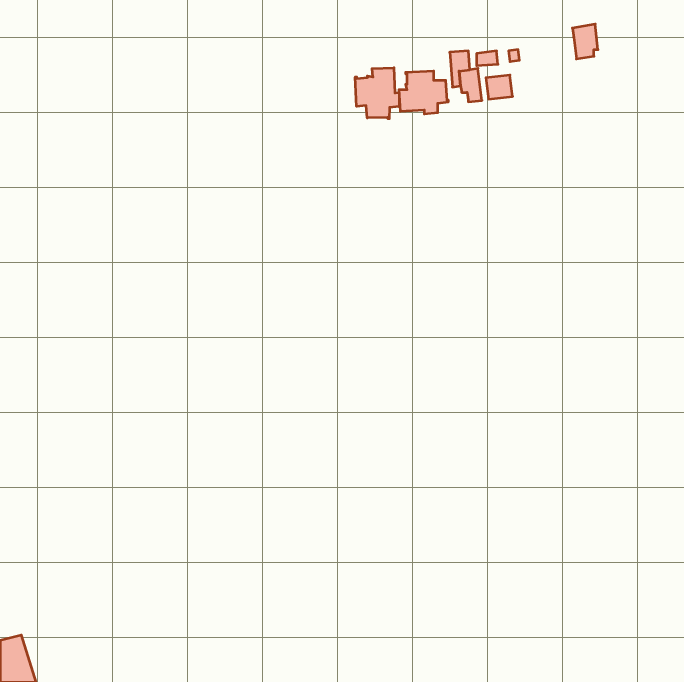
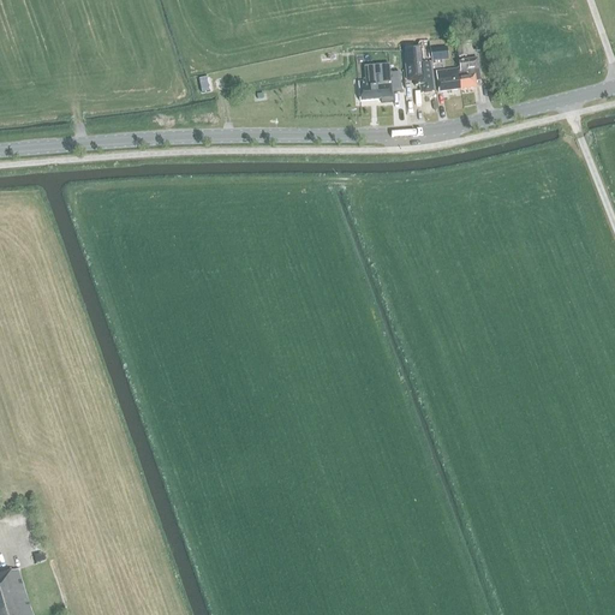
building: [572,24,598,59] -> [456,55,479,86]
building: [355,68,399,119] -> none

